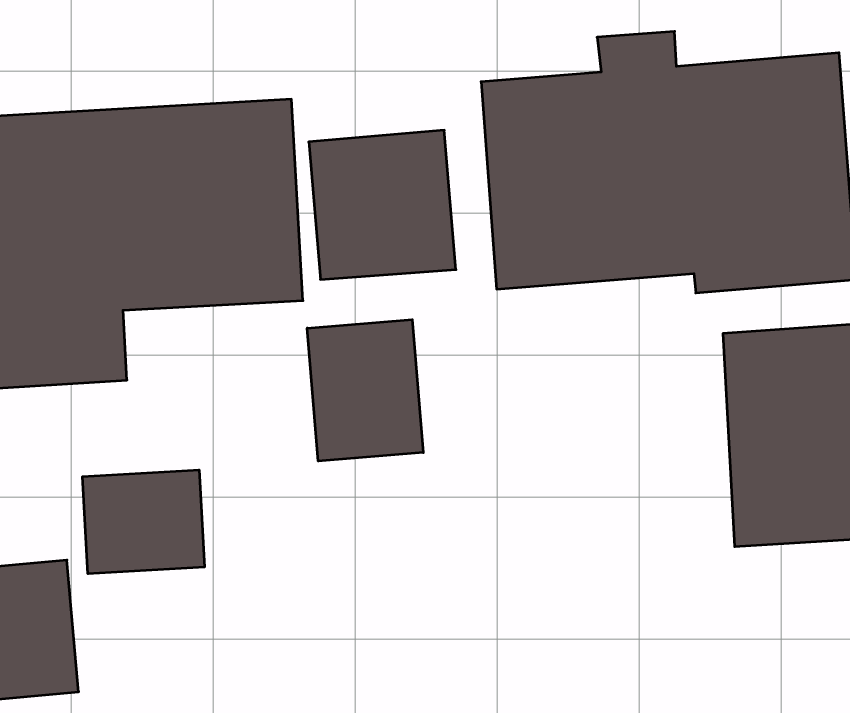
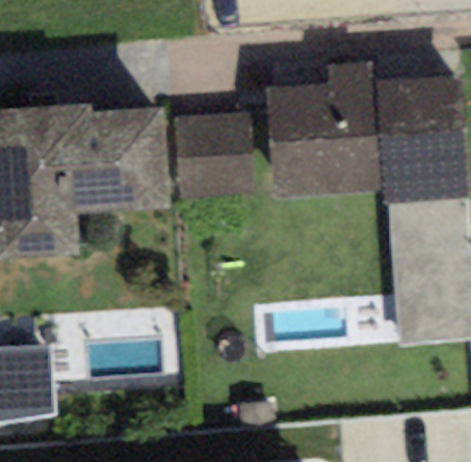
building: [307,320,423,461] -> none
building: [83,470,204,574] -> none

